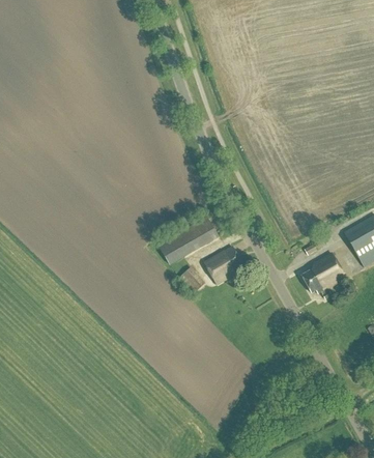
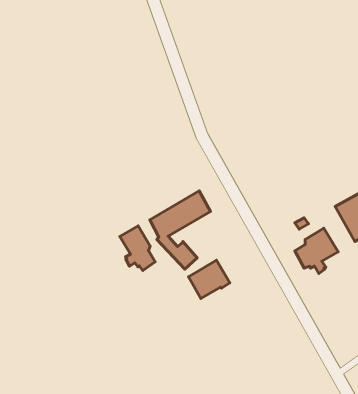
building: [204,244,246,282] -> [189,260,230,298]
building: none -> [120,226,155,271]

